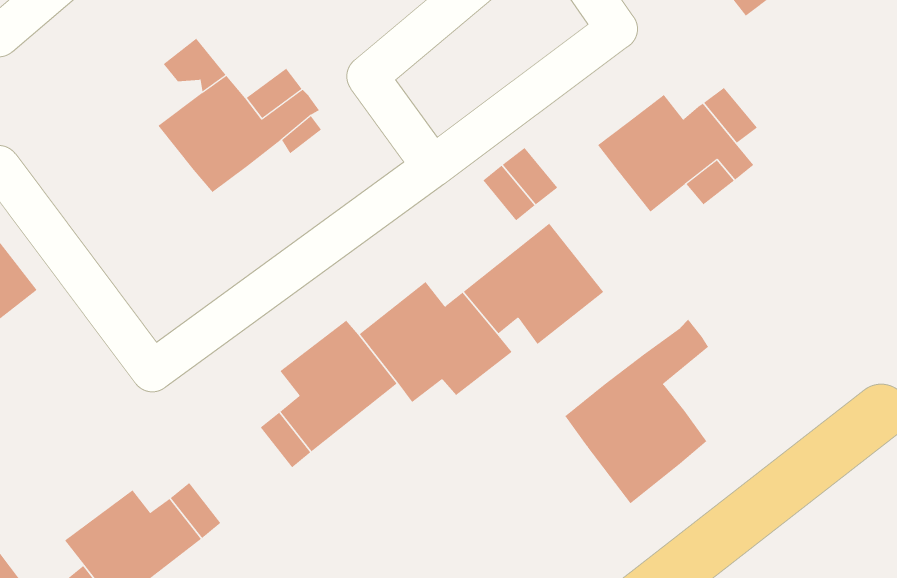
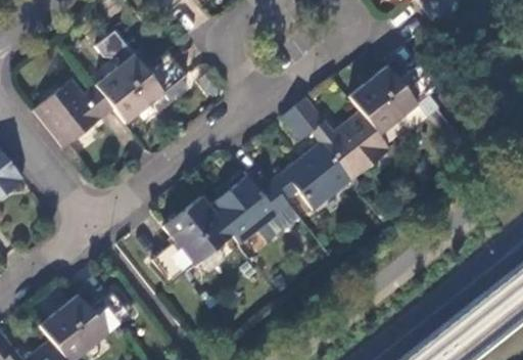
building: none -> [34,78,114,148]
building: none -> [321,109,392,180]
building: [565,319,709,504] -> none

